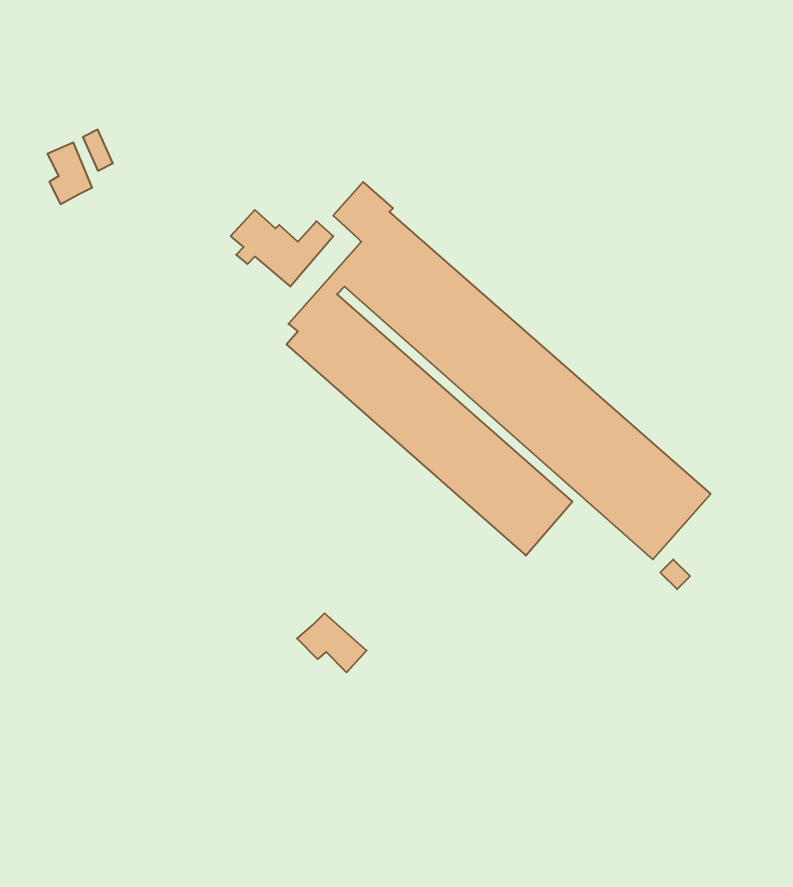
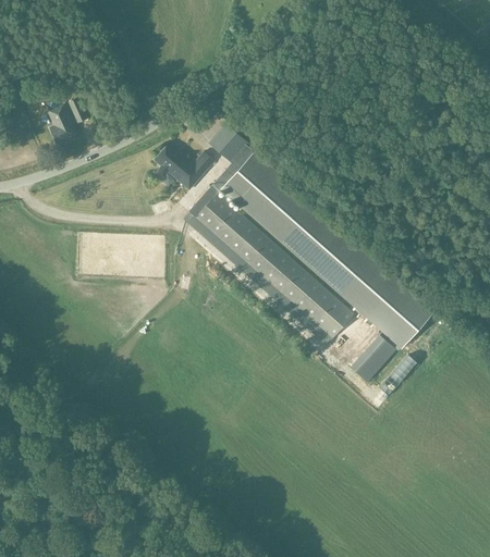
building: none -> [351,334,396,382]
building: [297,613,367,672] -> none

